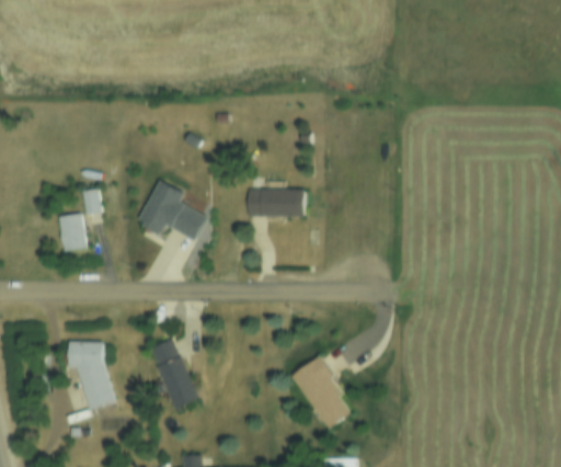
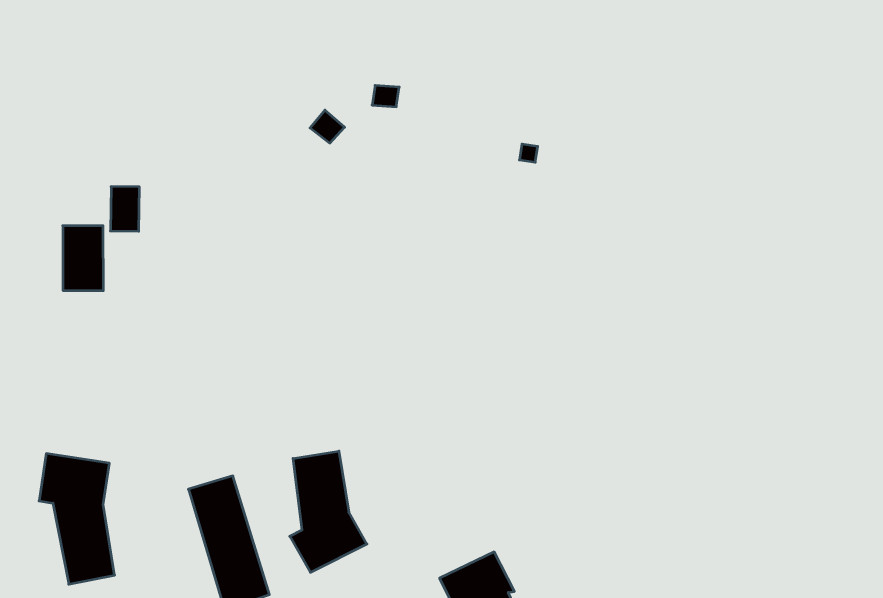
building: [137,183,208,242] -> none
building: [248,191,305,218] -> none
building: none -> [290,451,367,572]

